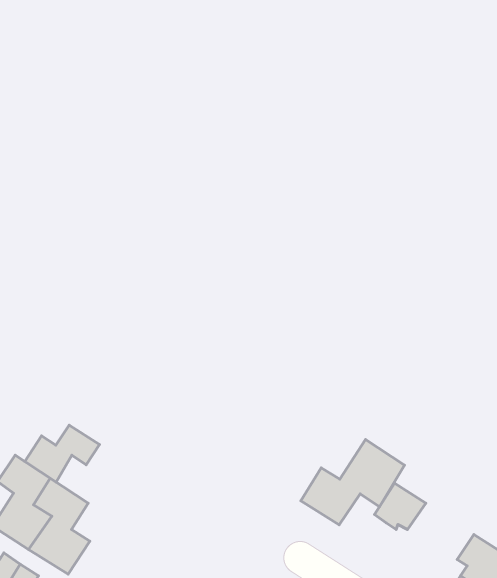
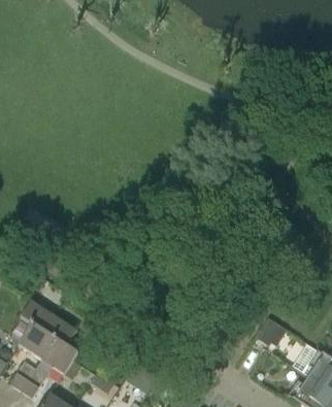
building: [25,425,100,482] -> none
building: [301,439,404,525] -> none

